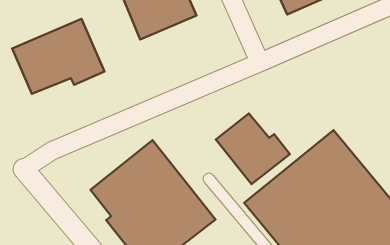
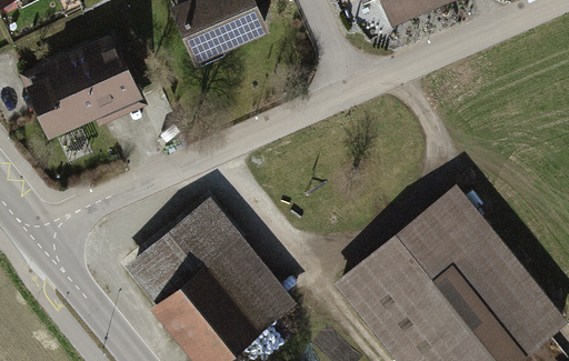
building: [216,114,290,184] -> none

